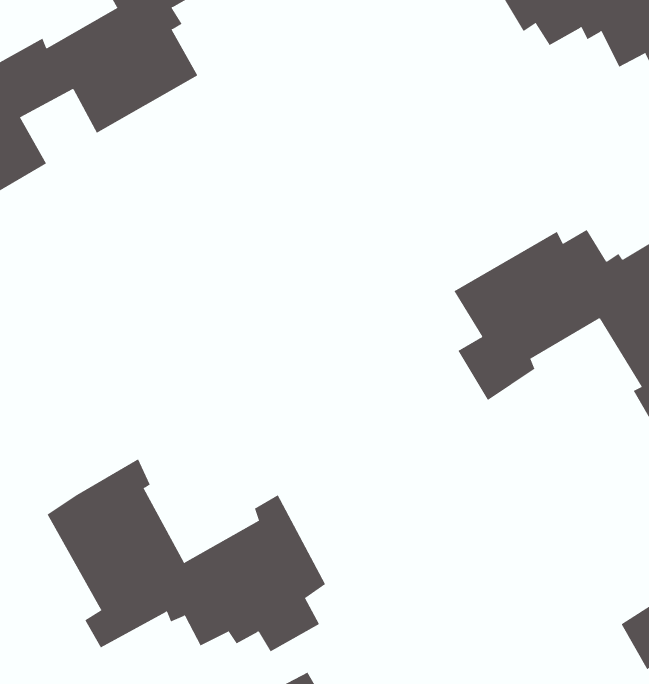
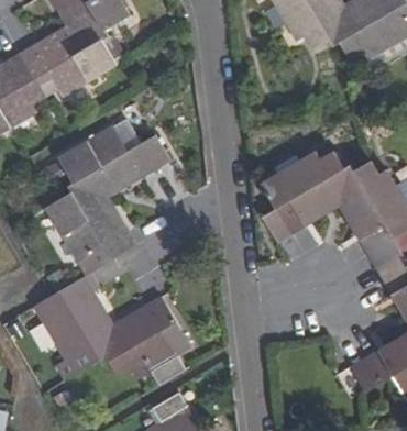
building: none -> [45,129,166,261]

